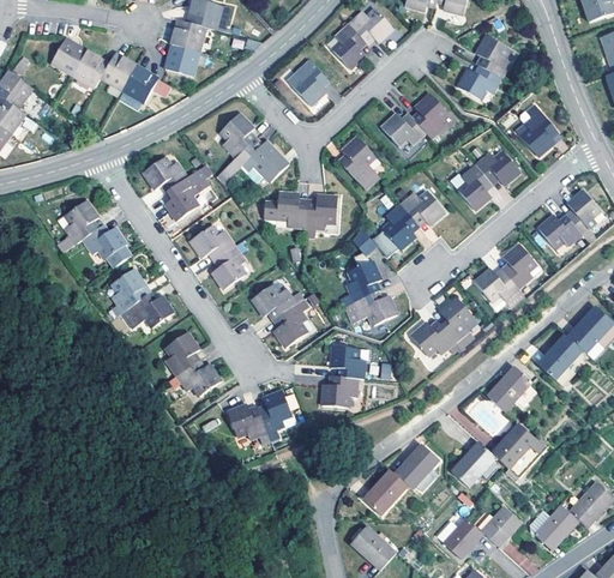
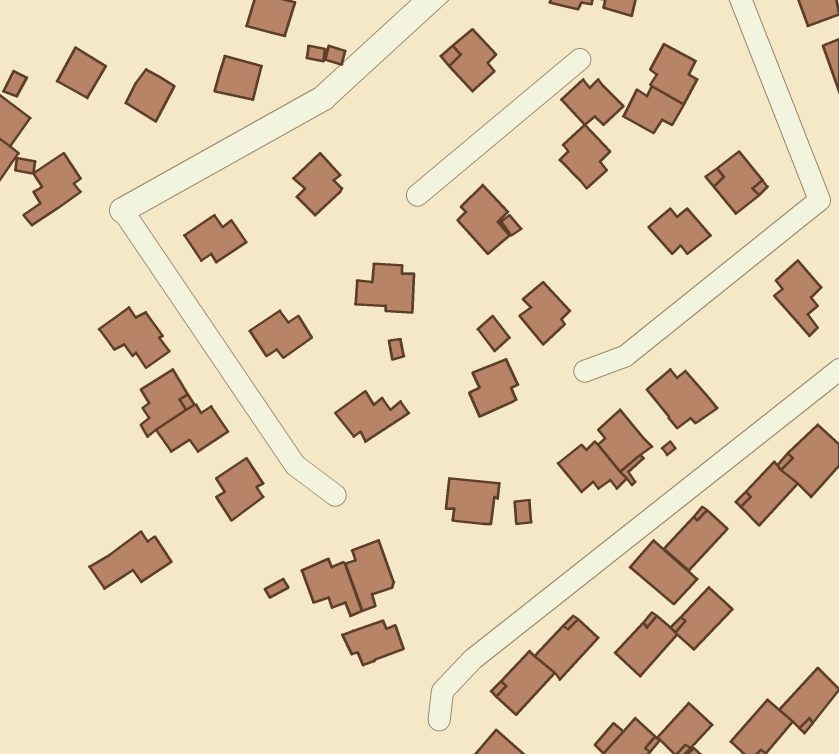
building: [349,10,392,43] -> none
building: [171,19,205,50] -> none
building: [73,50,108,86] -> none
building: [288,60,329,104] -> none
building: [122,65,158,102] -> none
building: [381,113,426,145] -> [561,79,623,125]
building: [222,140,288,181] -> none
building: [457,165,492,210] -> none
building: [164,168,210,221] -> none
building: [399,192,445,225] -> none
building: [305,194,337,237] -> none
building: [58,199,98,251] -> [24,153,81,225]
building: [537,213,582,247] -> none
building: [501,243,535,288] -> none
building: [211,245,246,289] -> none
building: [344,290,397,324] -> none
building: [272,299,312,347] -> none
building: [162,359,221,399] -> [89,532,171,589]
building: [321,375,357,407] -> none
building: none -> [342,621,403,665]

